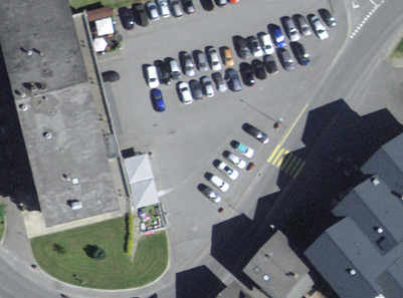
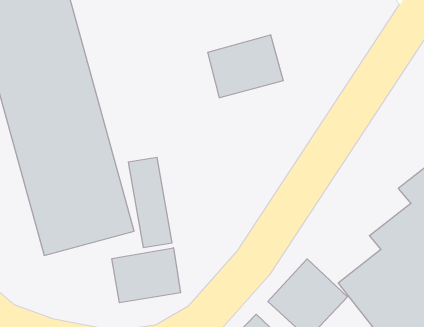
building: none -> [208,35,283,98]
building: none -> [112,248,180,303]

